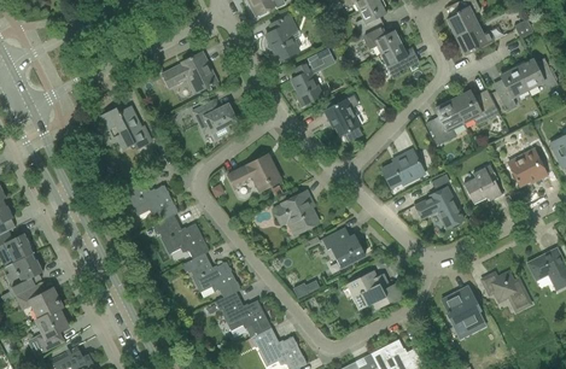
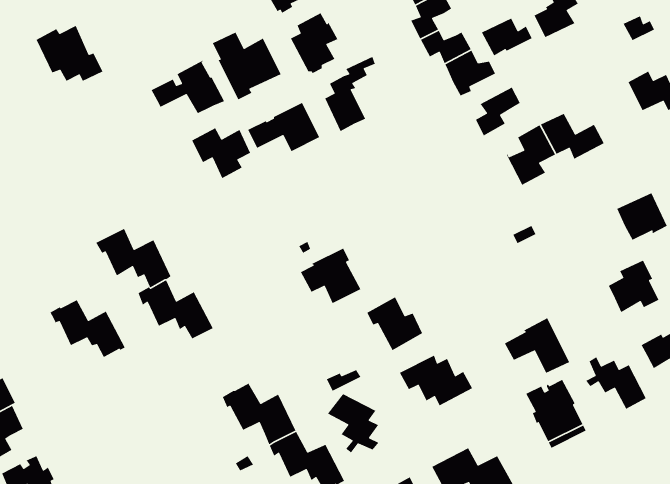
building: [455,24,494,53] -> [481,17,533,56]
building: none -> [212,32,282,101]
building: [495,68,527,110] -> none
building: none -> [475,86,521,136]
building: [323,95,362,141] -> none
building: [100,106,151,148] -> [35,25,104,82]
building: [381,150,425,187] -> none
building: [227,153,281,191] -> [247,102,320,152]
building: [463,164,502,204] -> [608,260,660,313]
building: [414,186,463,228] -> [504,317,570,374]
building: [183,253,240,297] -> [49,299,126,358]
building: none -> [327,393,379,454]

